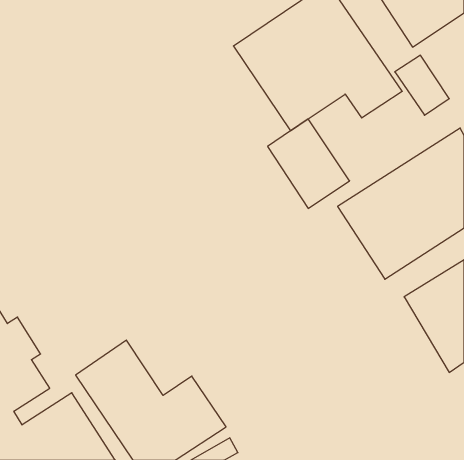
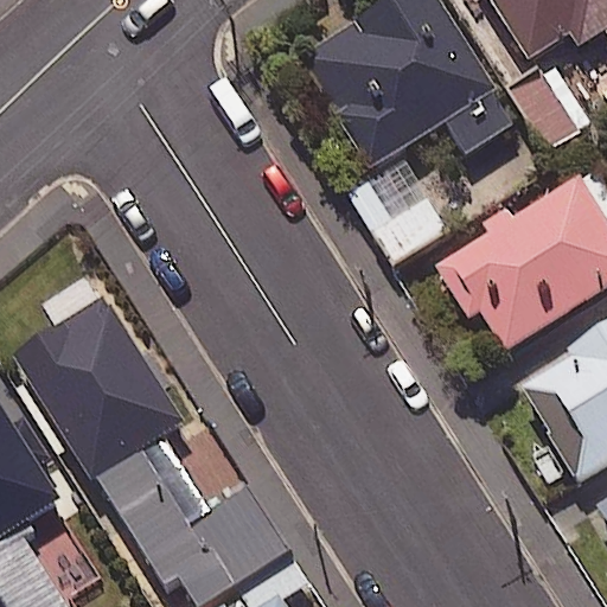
building: none -> [14,299,186,483]

